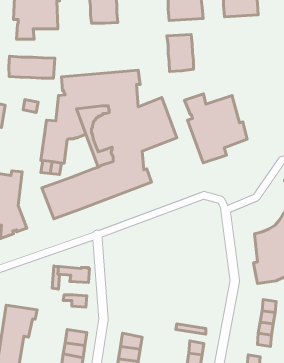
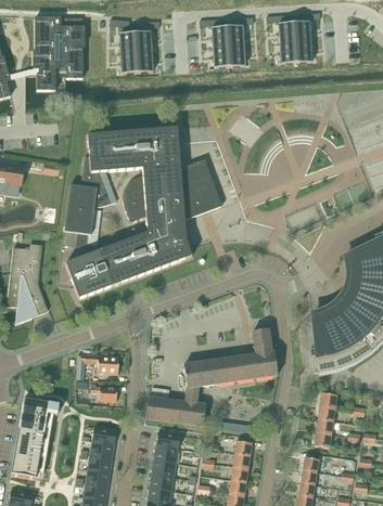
building: [167,35,194,71] -> none
building: [9,56,55,78] -> none
building: [184,94,247,163] -> none
building: none -> [145,328,278,425]

